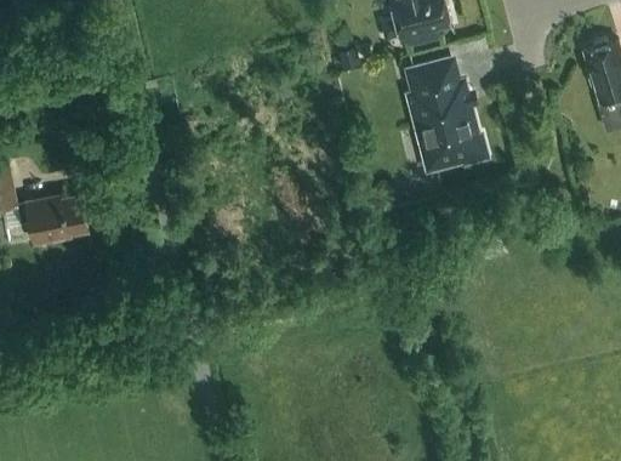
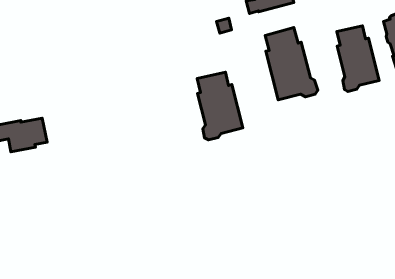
building: none -> [337,26,379,91]
building: none -> [197,72,243,140]

